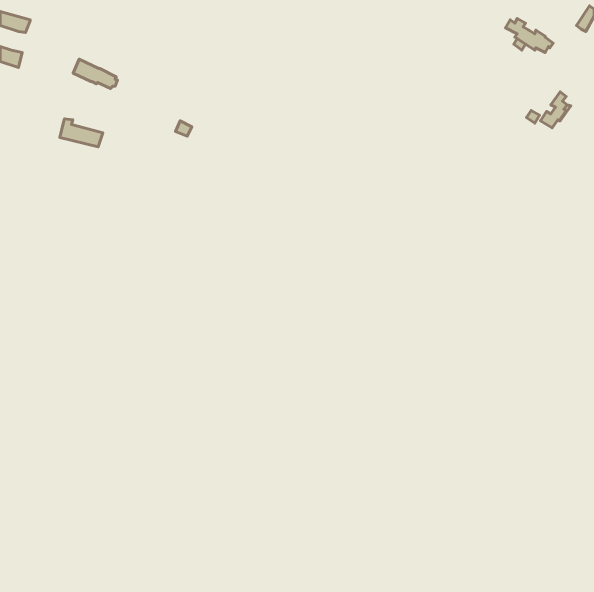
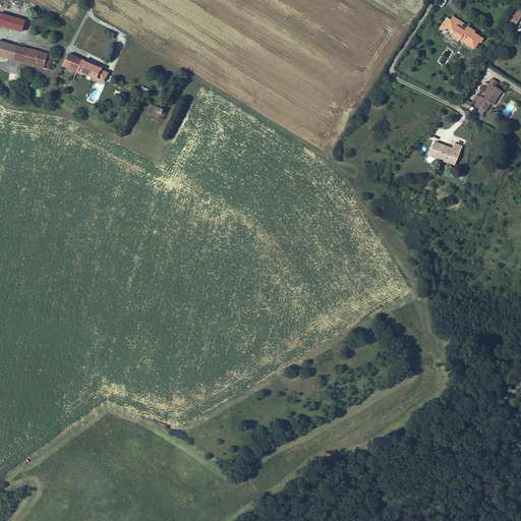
building: [60,119,103,147] -> [16,43,54,67]
building: none -> [427,142,461,166]

